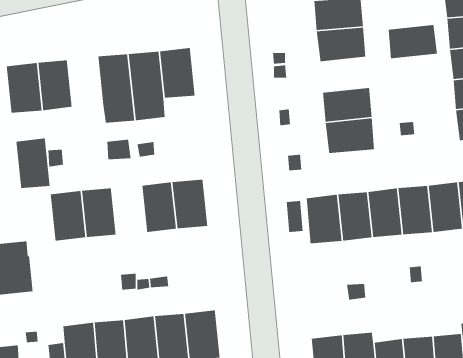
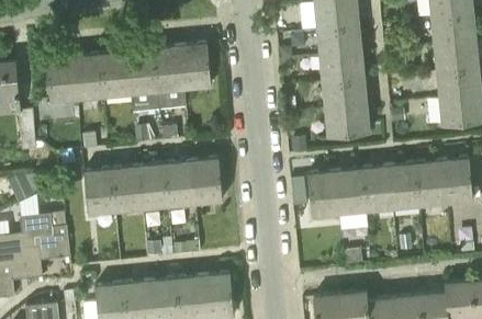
building: [388,24,438,59] -> [321,53,365,83]
building: [15,137,51,189] -> [100,52,131,96]
building: none -> [138,164,169,208]

